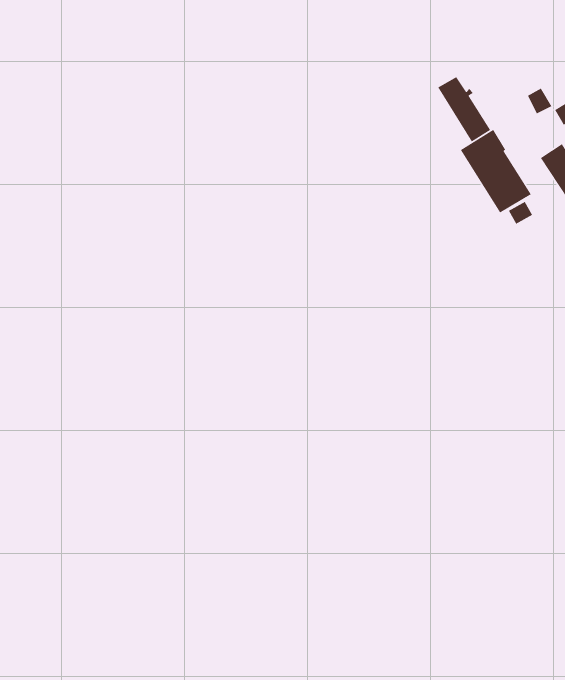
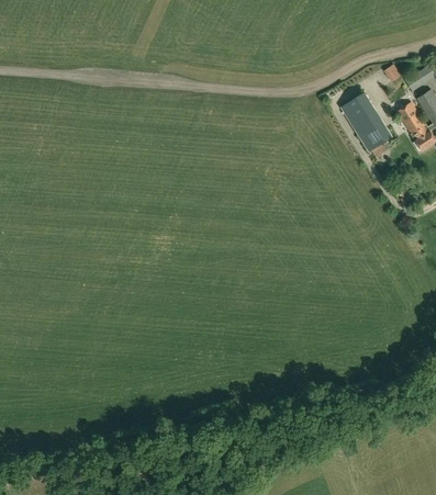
building: [437,76,491,142] -> none

